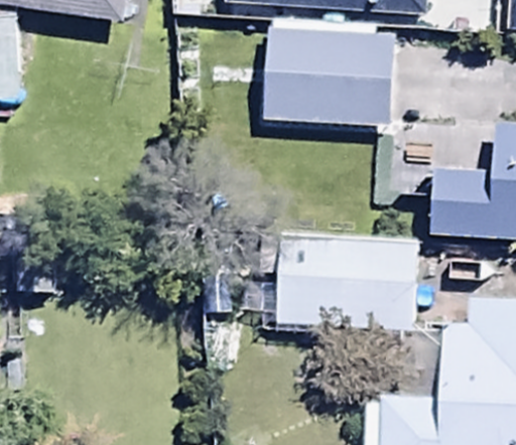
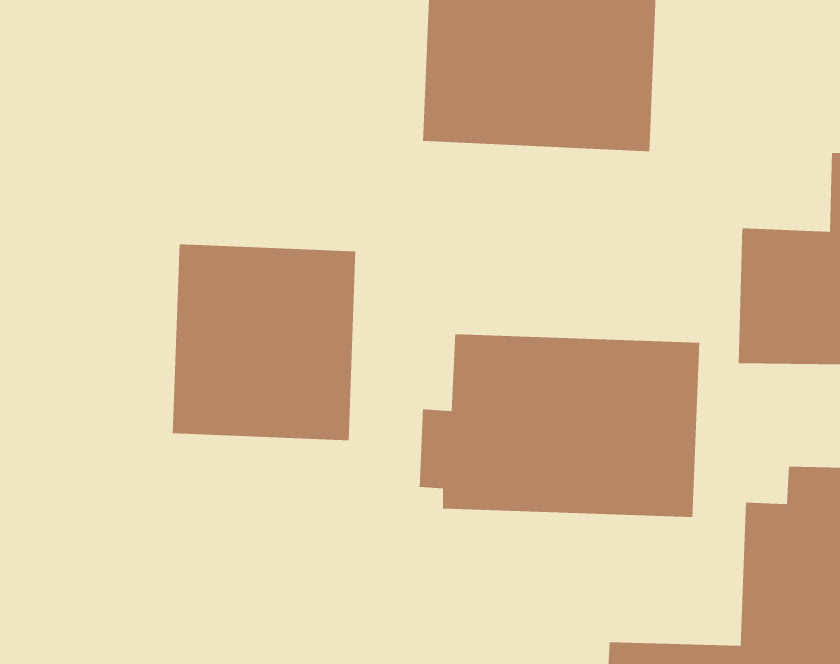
building: none -> [172,243,356,441]

